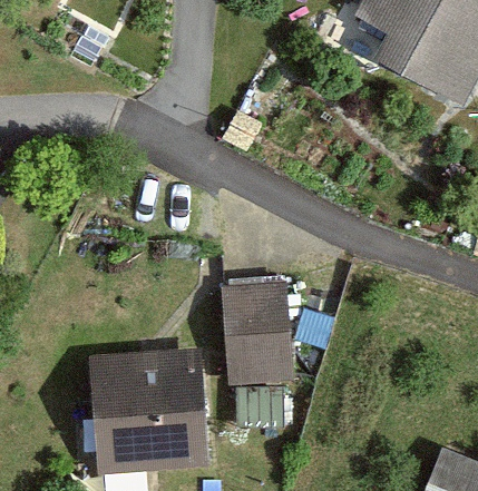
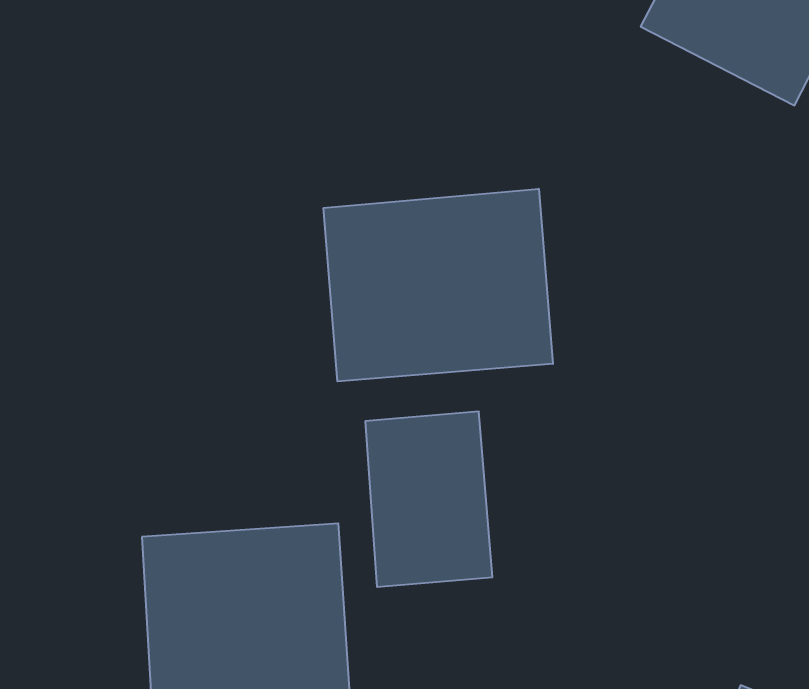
building: none -> [324,189,553,381]

